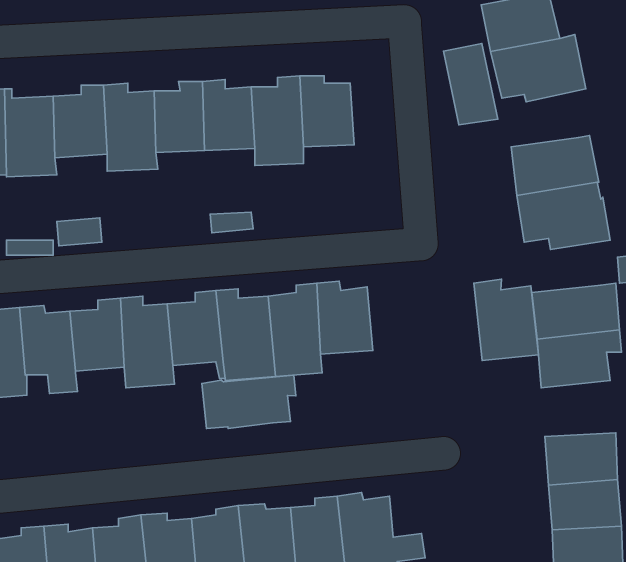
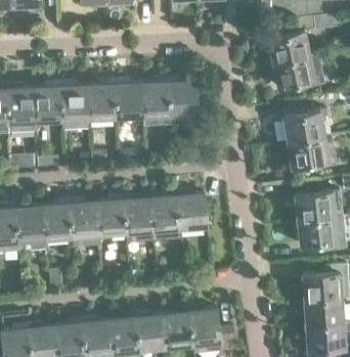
building: [444,43,498,125] -> none
building: [474,279,538,360] -> none
building: [202,375,296,429] -> none

